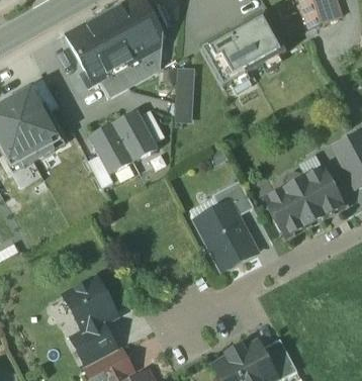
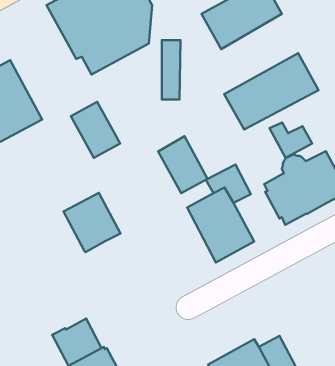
building: none -> [224,53,319,130]
building: [112,108,158,161] -> [158,136,208,193]
building: none -> [270,122,312,158]
building: [64,277,116,331] -> [63,193,121,252]

